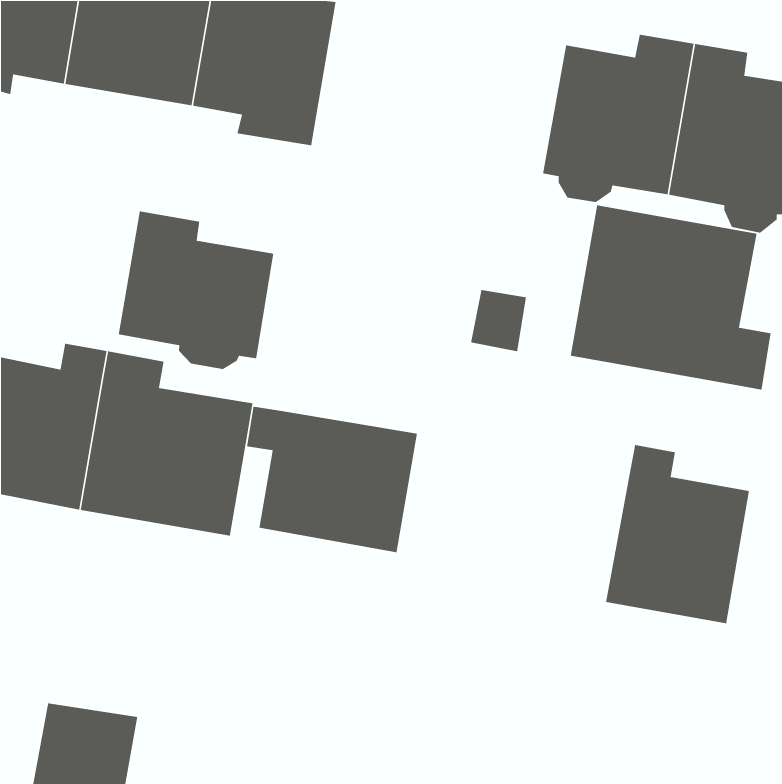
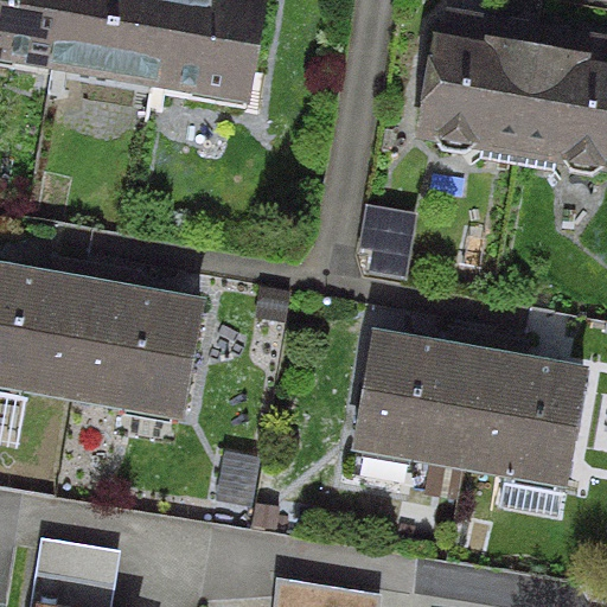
building: [570,204,771,390] -> none
building: [118,210,274,370] -> none
building: [246,406,418,553] -> none
building: none -> [353,336,492,466]

